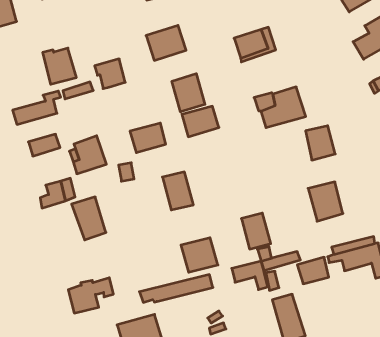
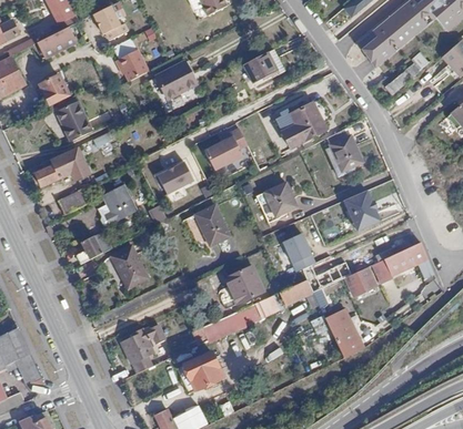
building: none -> [40,74,69,104]
building: [95,59,125,89] -> [115,49,149,81]
building: [172,74,205,112] -> none
building: none -> [264,182,298,217]

